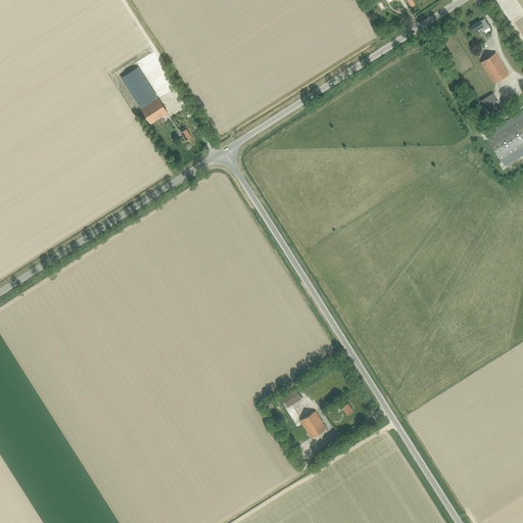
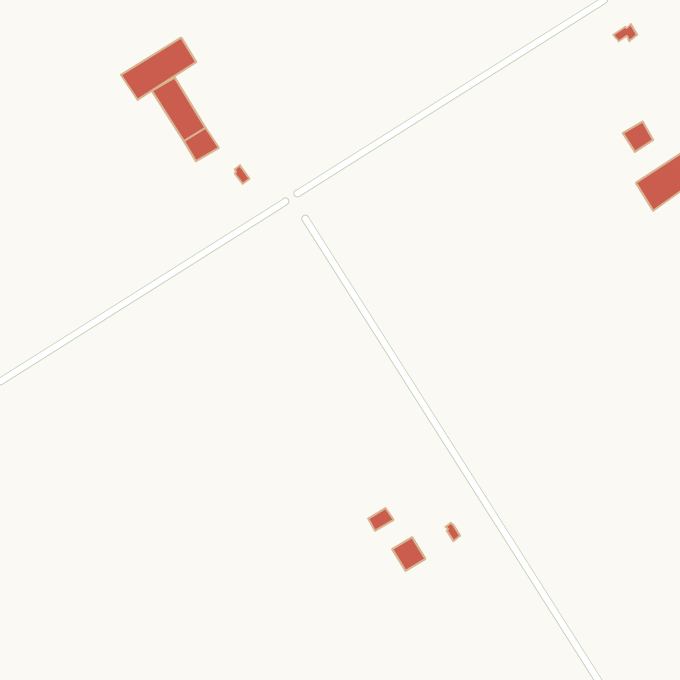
building: none -> [121,38,196,100]
building: [481,54,510,85] -> none

